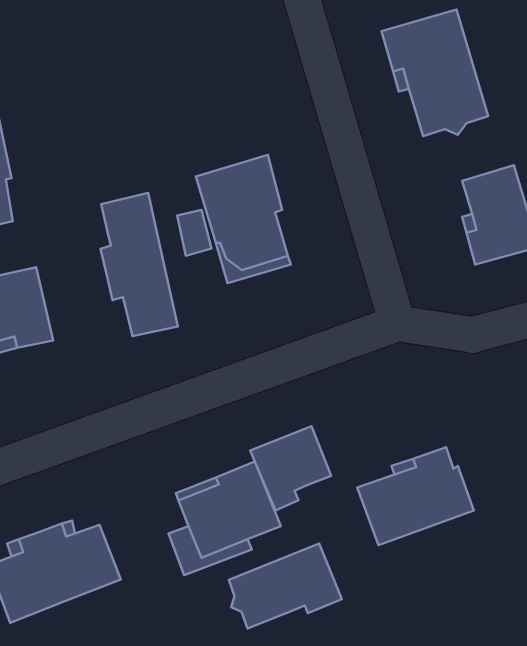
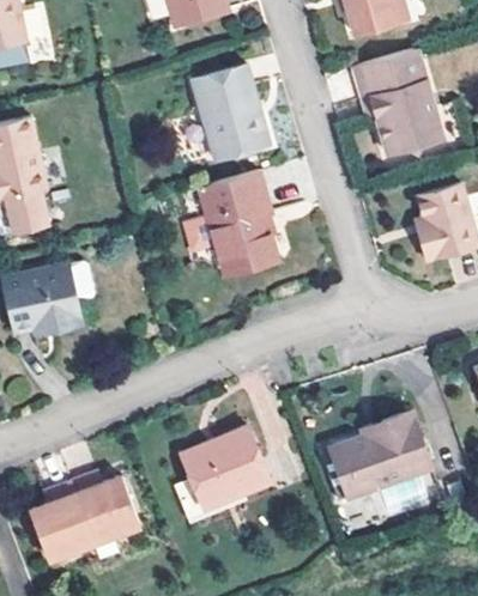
building: none -> [192,66,270,159]
building: [100,193,178,336] -> none
building: [250,426,331,510] -> none
building: [229,544,342,628] -> none

